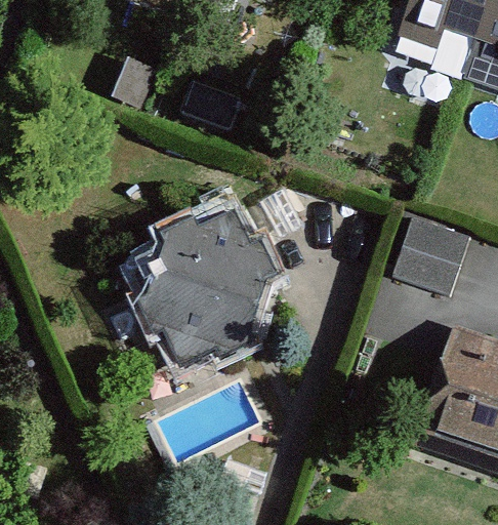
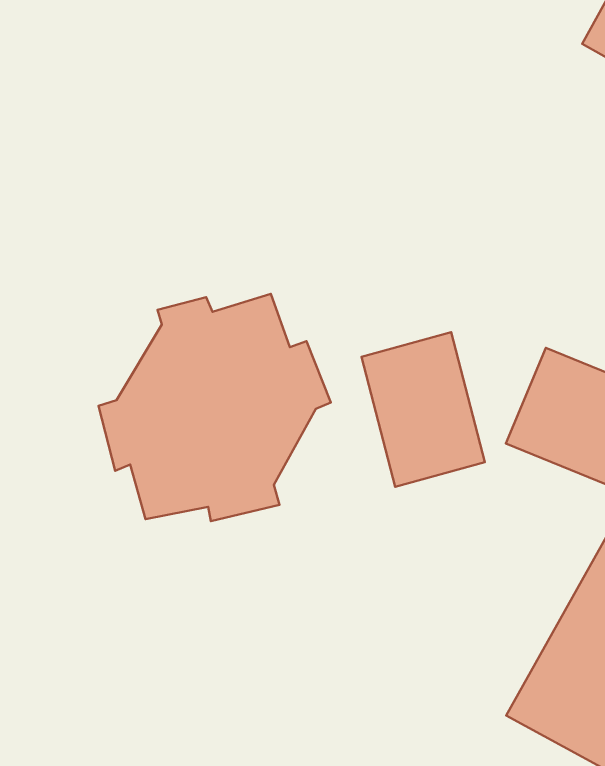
building: none -> [361,332,485,487]

